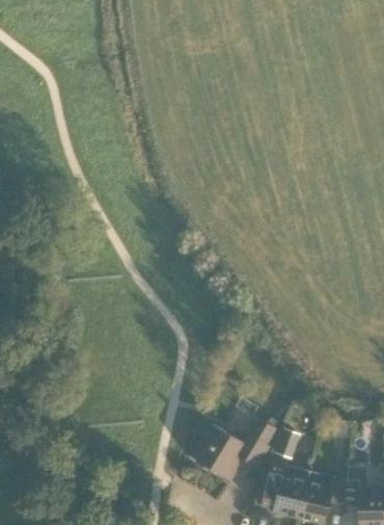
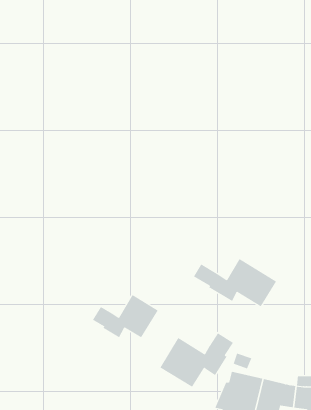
building: none -> [193,258,277,307]
building: none -> [92,294,158,338]

